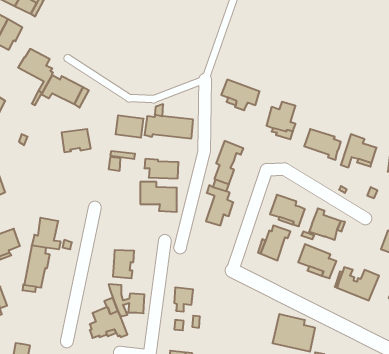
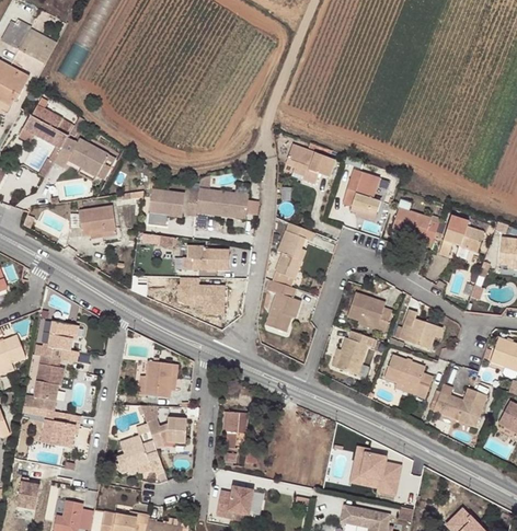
building: none -> [50,412,81,448]

